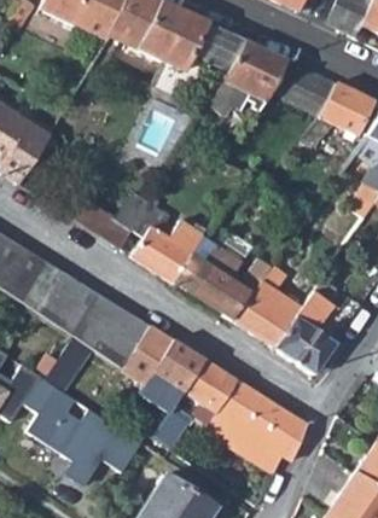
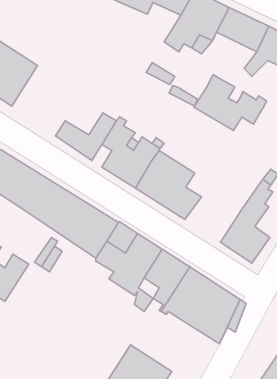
building: none -> [194,75,267,131]
building: [232,281,302,349] -> none
building: [24,376,143,485] -> none

